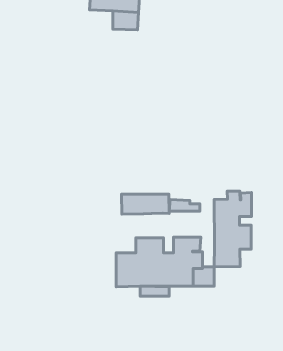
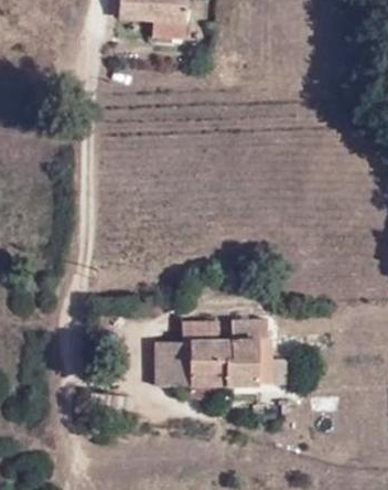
building: [214,191,252,267] -> none
building: [121,194,169,214] -> none

